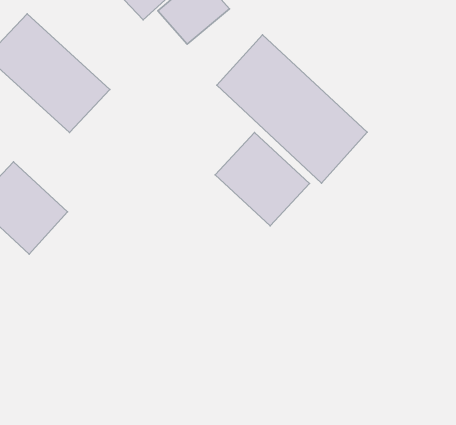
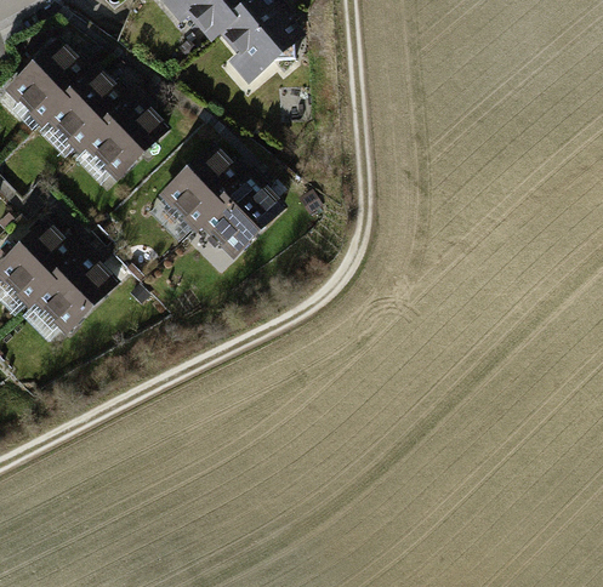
building: [217,35,367,183] -> none
building: [215,133,309,226] -> [161,149,278,264]

